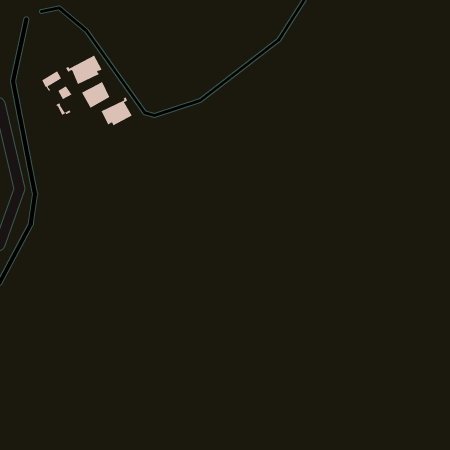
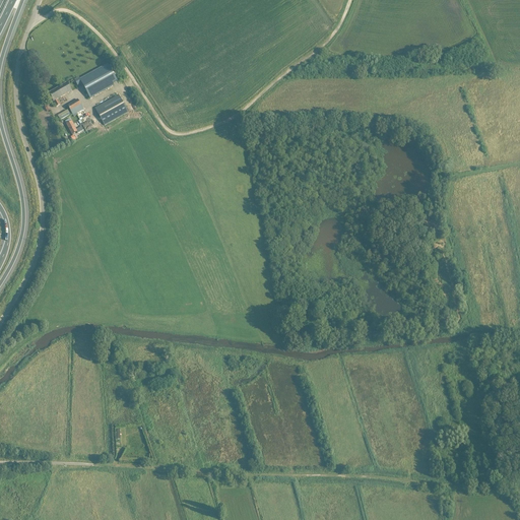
building: [101,96,132,126] -> none

